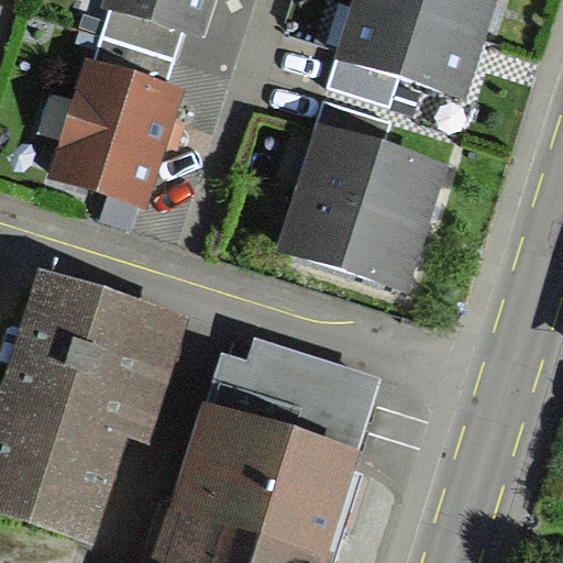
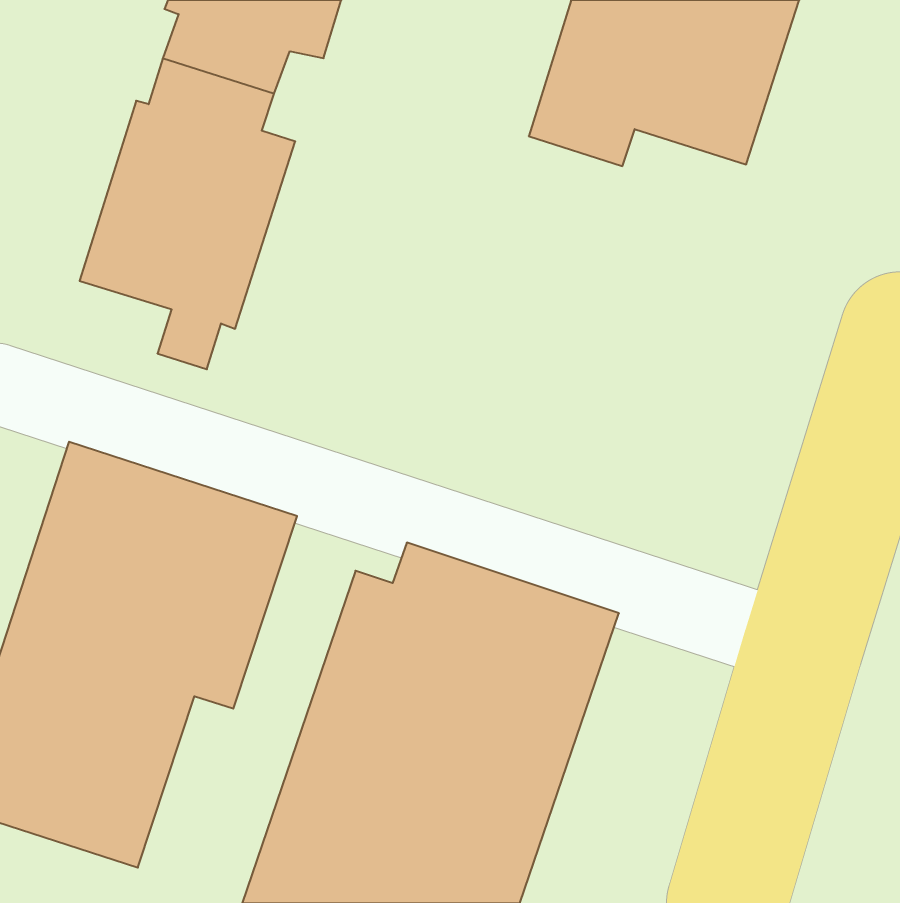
building: [275,101,448,295] -> none

